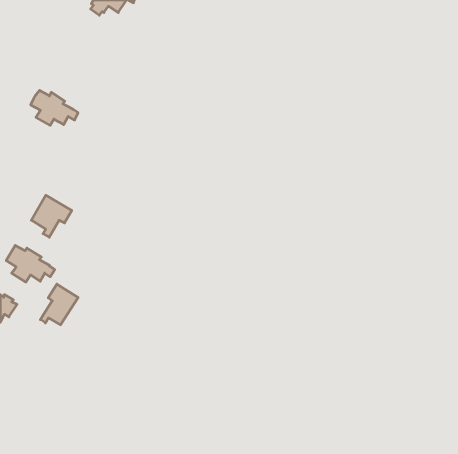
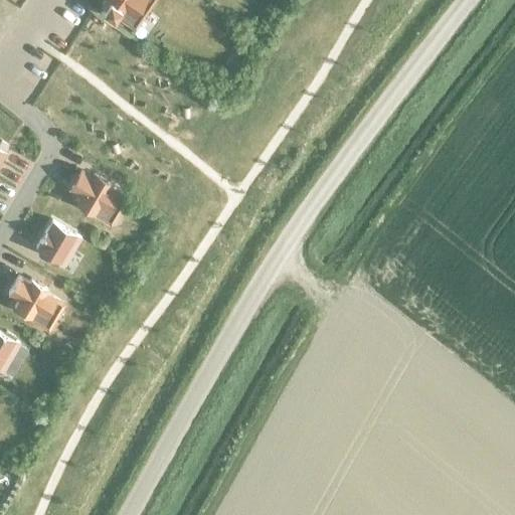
building: [31,90,78,125] -> [70,176,124,215]
building: [40,284,78,325] -> none

